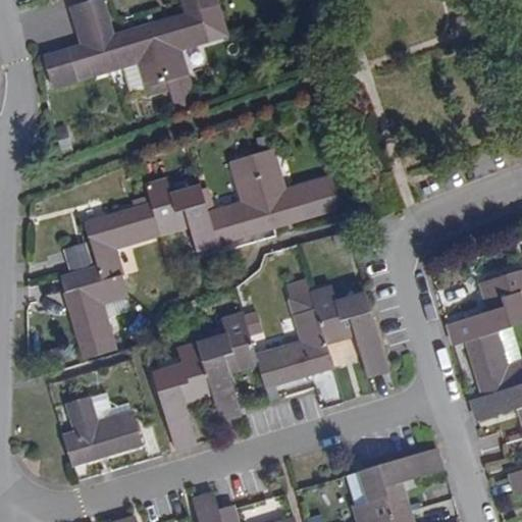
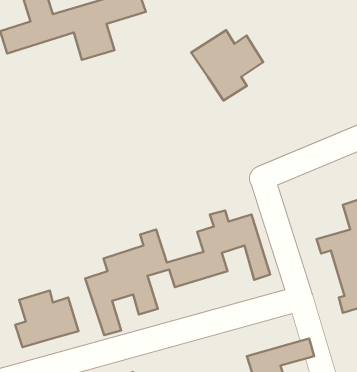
building: none -> [191,30,263,100]
building: [61,149,340,358] -> none

